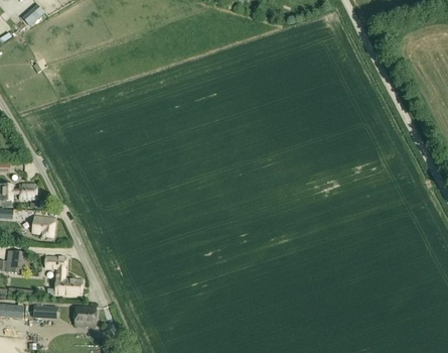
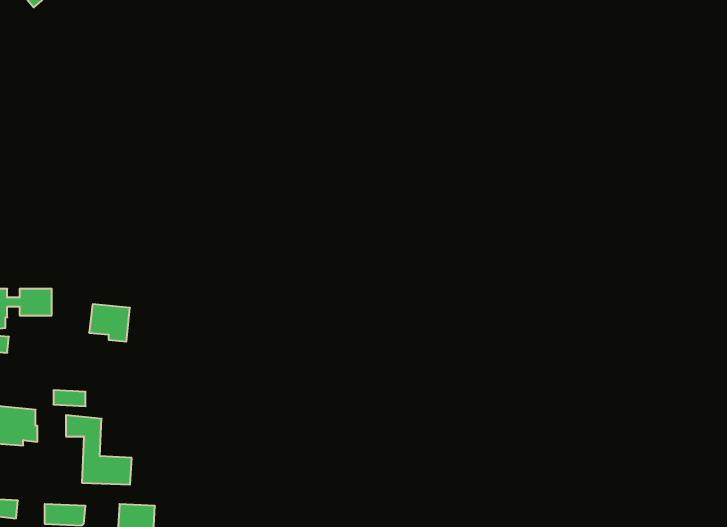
building: [32,216,55,237] -> [89,304,130,342]

